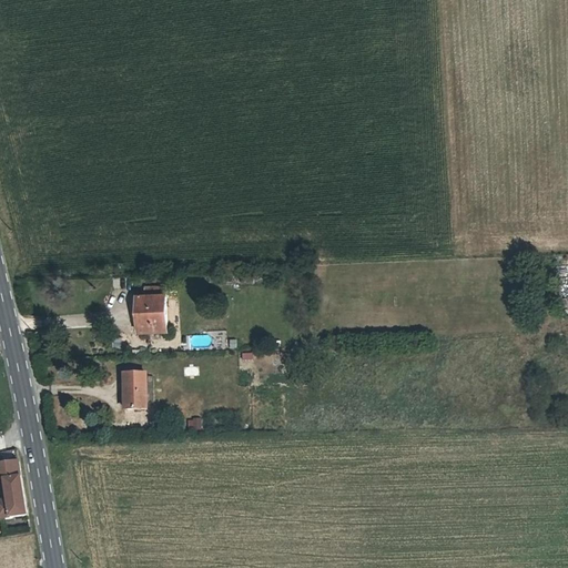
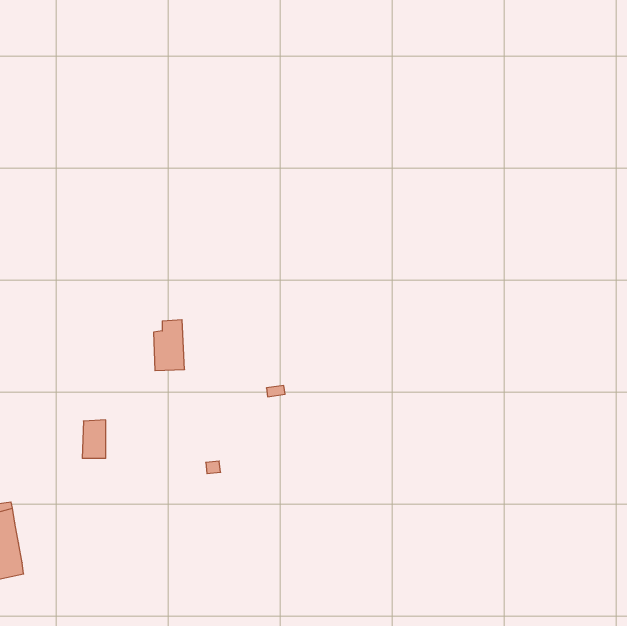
building: [123,376,144,410] -> [82,420,106,458]

